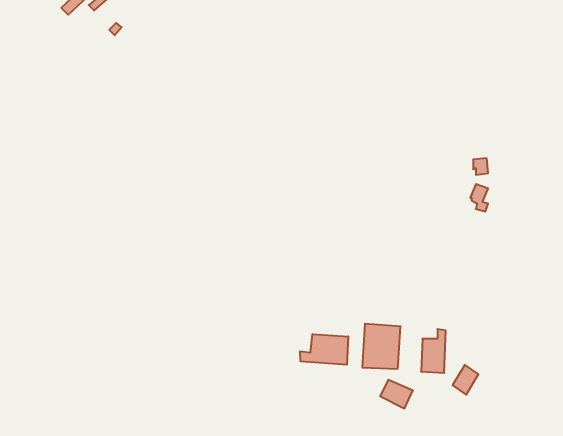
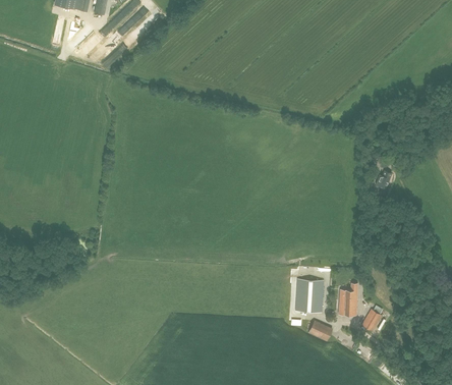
building: [300,334,348,365] -> none

